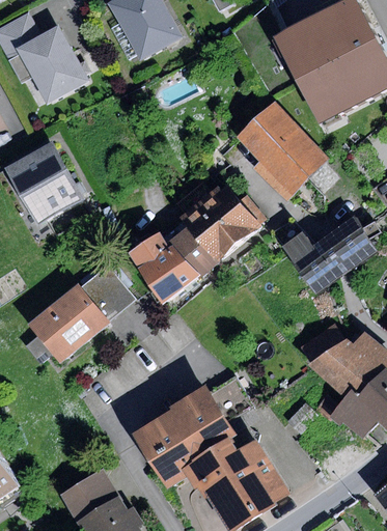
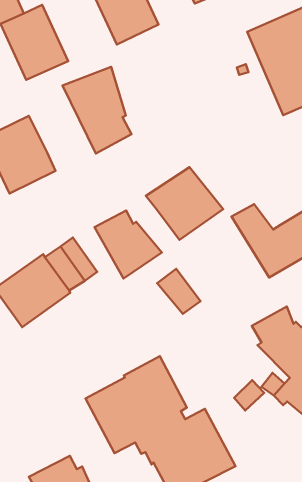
building: none -> [63,67,131,153]
building: [236,100,331,202] -> none
building: [171,228,218,275] -> [157,269,201,314]
building: [59,468,118,521] -> none

